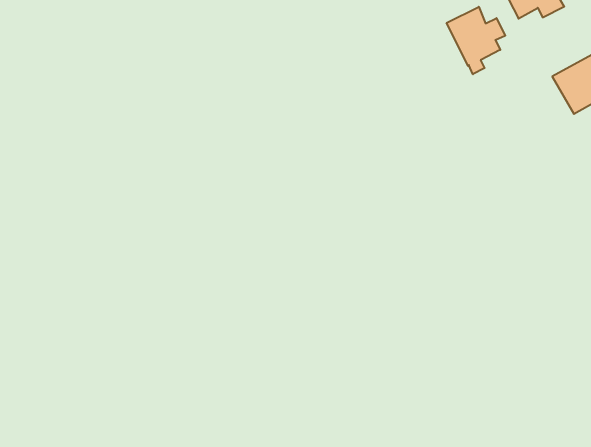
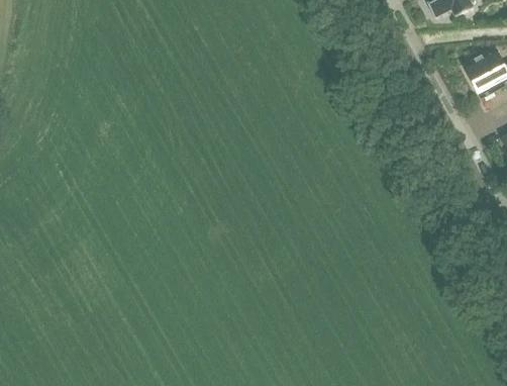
building: [447,7,505,74] -> none

